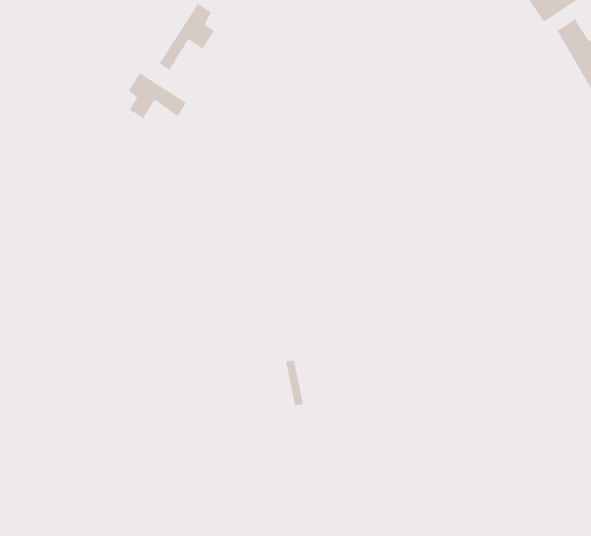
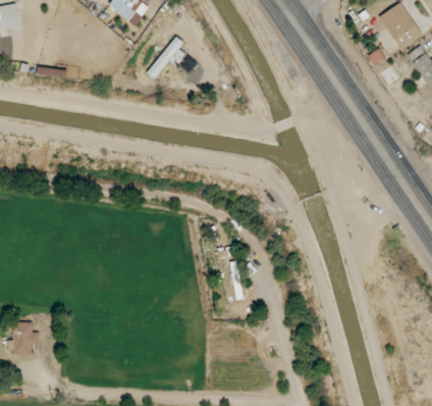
building: [128,72,187,119] -> none

